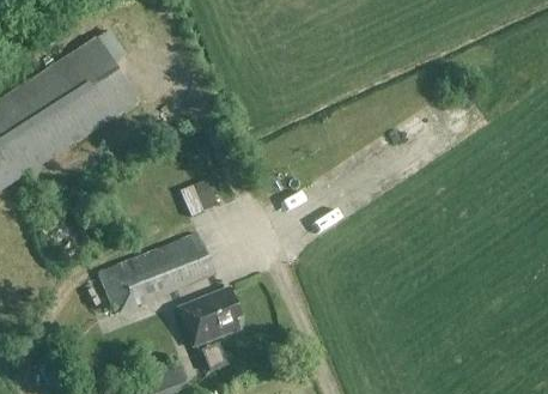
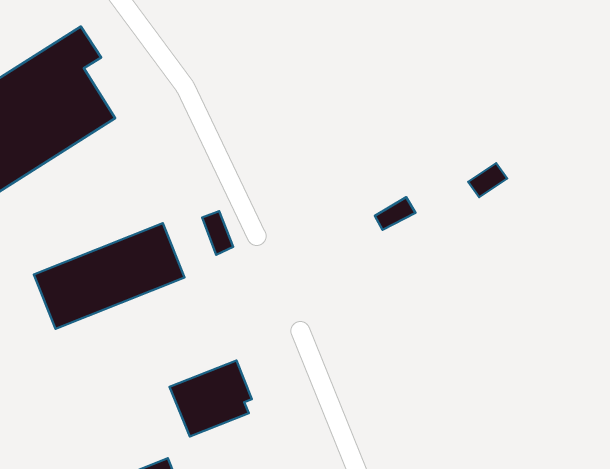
building: [97,232,213,314] -> [34,223,185,329]

